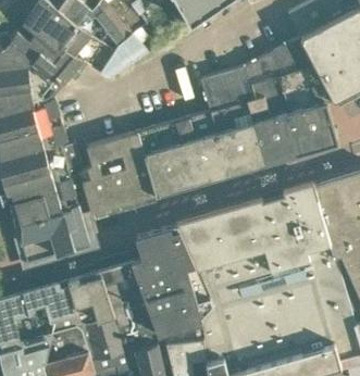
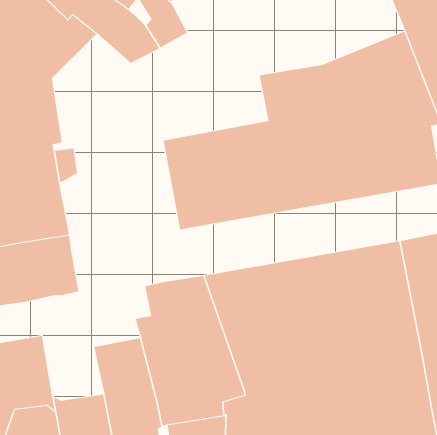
building: [79,135,156,215] -> none
building: [66,263,136,326] -> none

